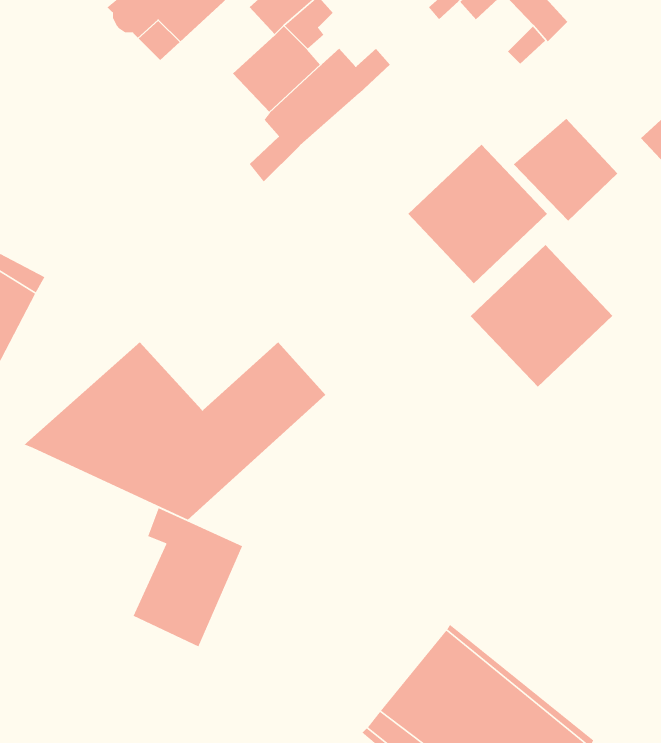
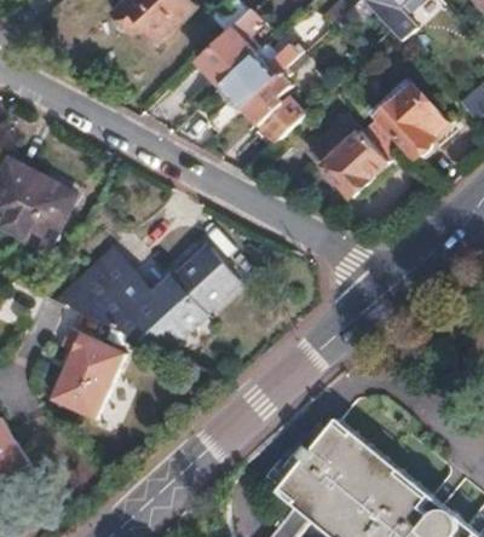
building: none -> [238,73,301,143]
building: [470,244,613,388] -> none
building: [132,507,243,647] -> [51,329,123,421]

